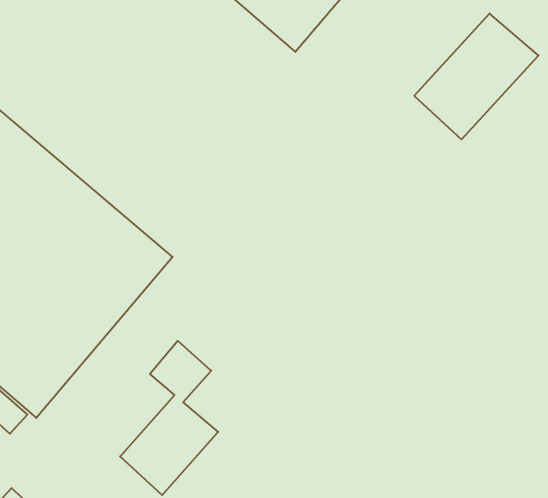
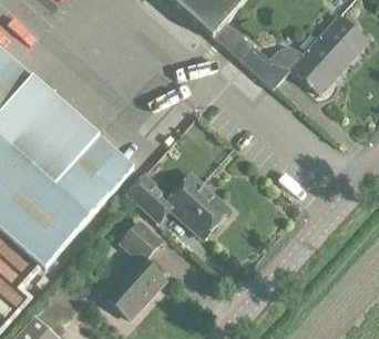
building: none -> [214,22,285,86]
building: none -> [127,173,228,235]

